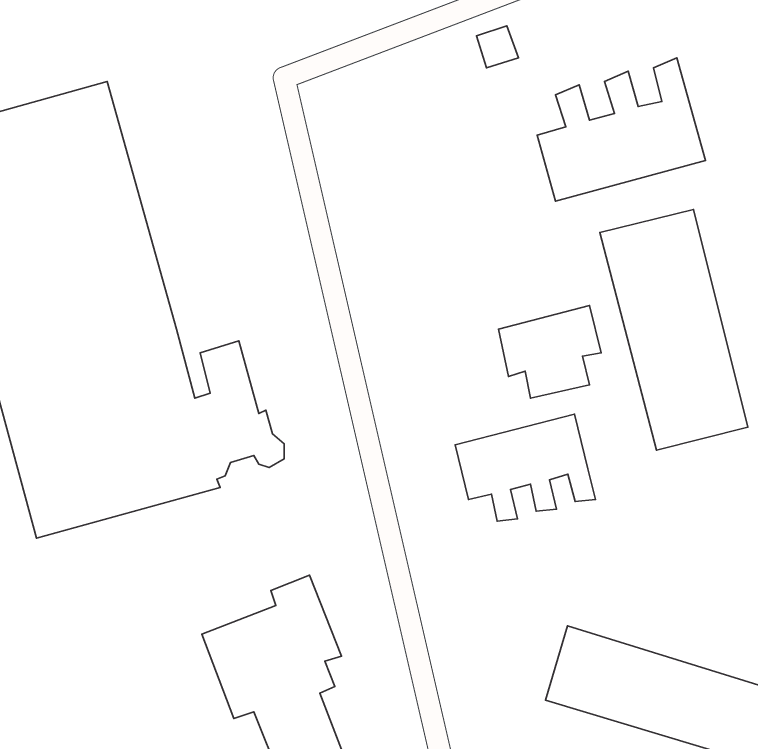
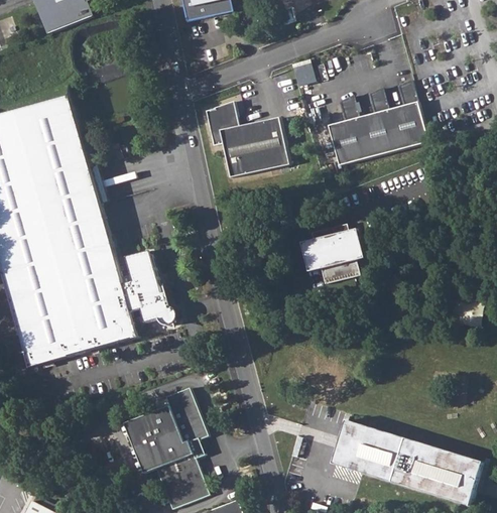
building: none -> [205,99,288,177]
building: [600,210,748,450] -> none
building: [455,414,596,521] -> none

